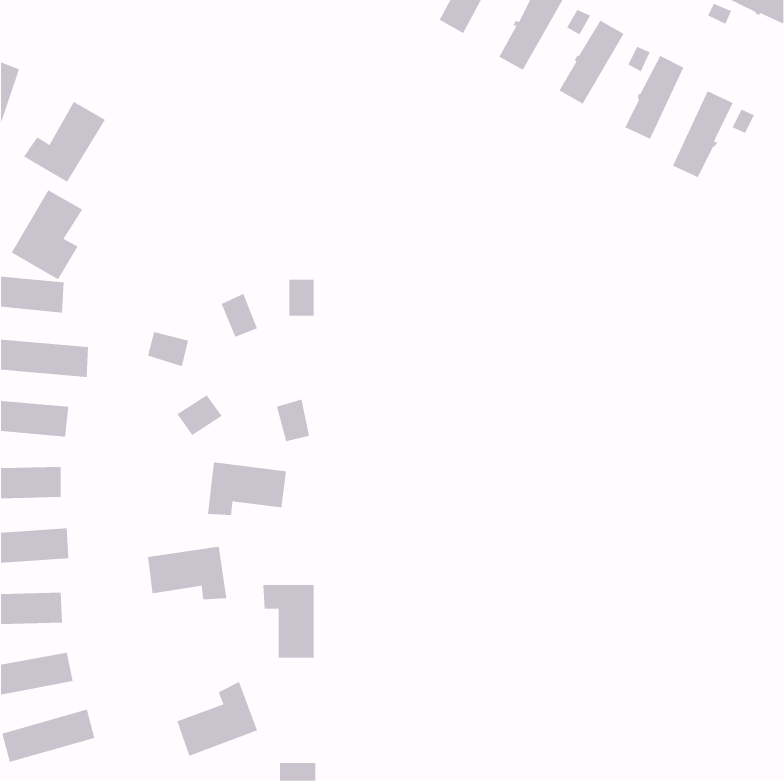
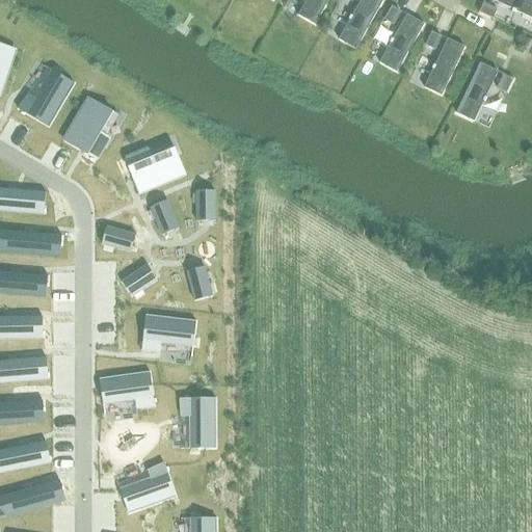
building: [11,190,83,280] -> [61,96,110,157]
building: none -> [122,145,182,191]

